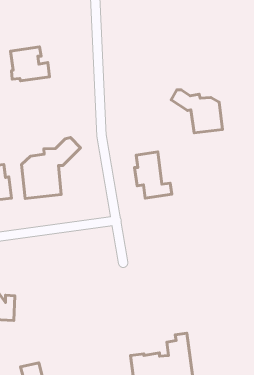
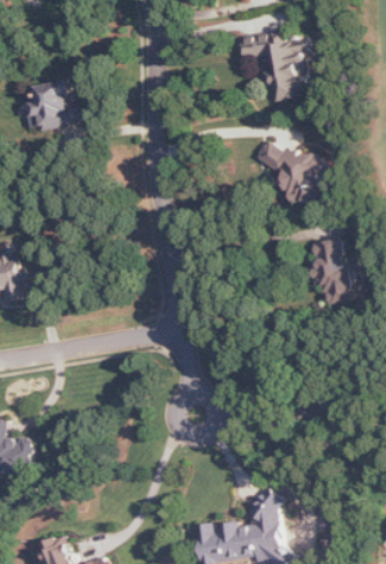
building: none -> [238,31,305,100]
building: [22,138,80,198] -> none
building: [135,152,172,198] -> [308,237,361,304]

